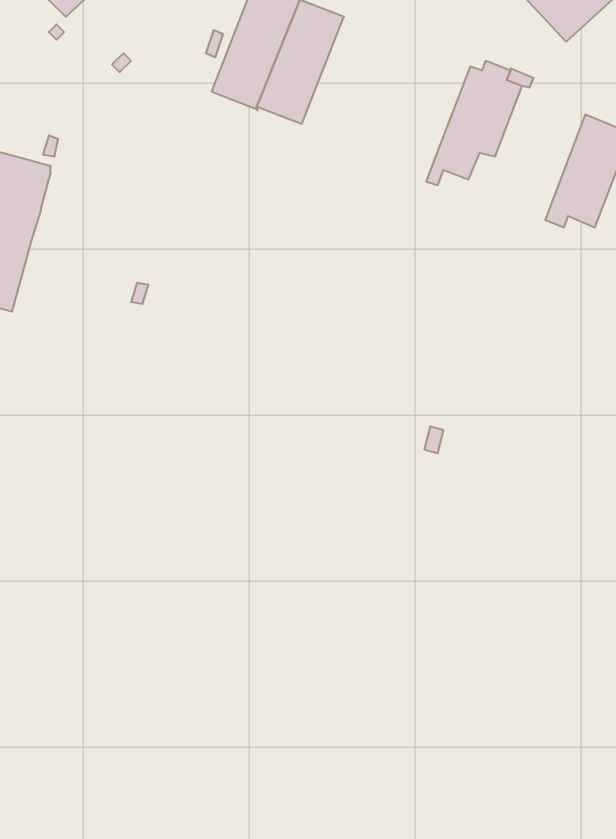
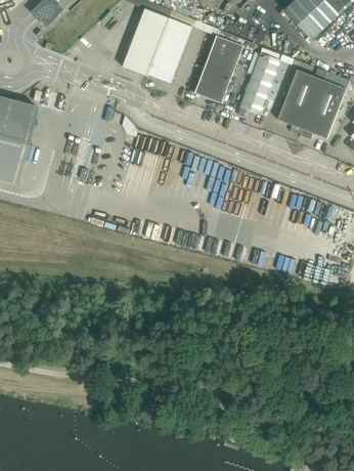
building: none -> [194,35,242,102]
building: none -> [276,69,321,134]

